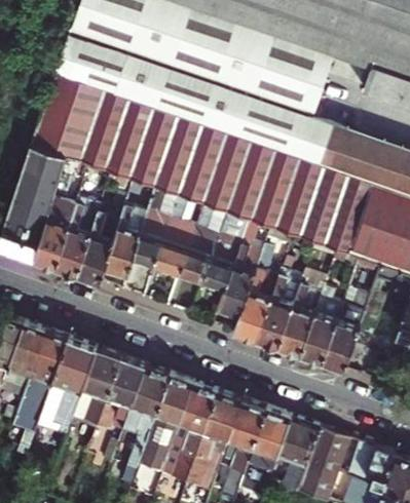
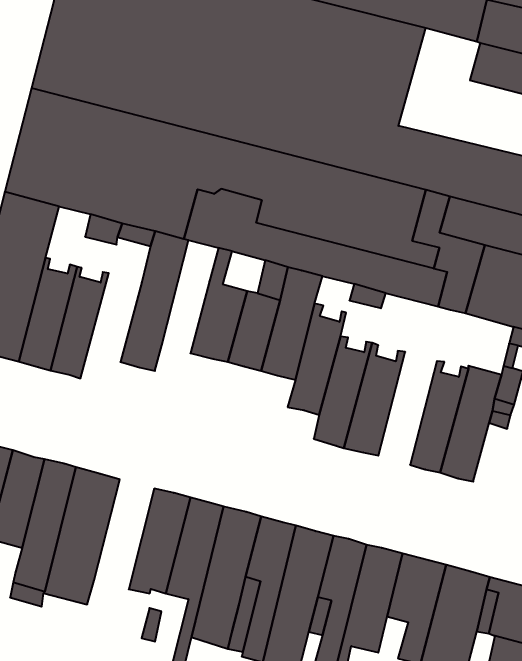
building: [133,186,178,265] -> none
building: [74,204,122,284] -> none
building: [277,270,326,355] -> none
building: [72,349,119,426] -> none

